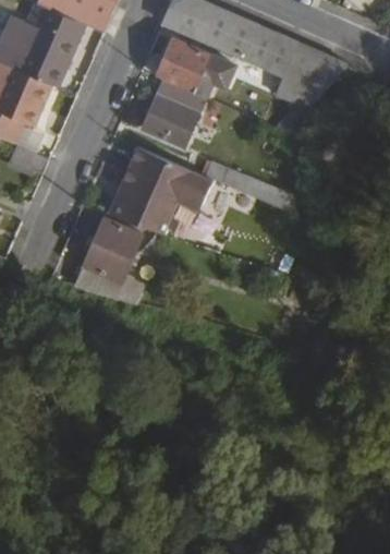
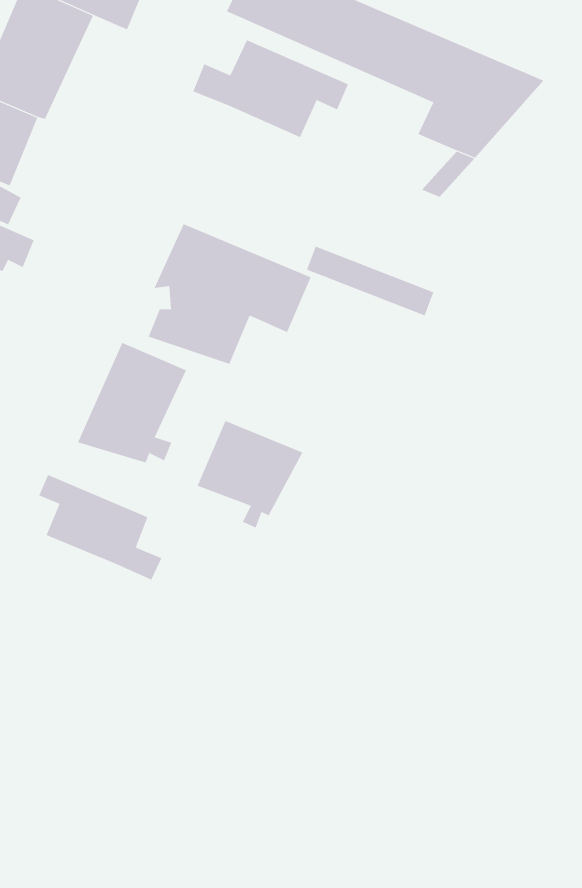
building: [141,80,204,147] -> none
building: none -> [197,420,303,529]
building: none -> [38,474,162,581]

